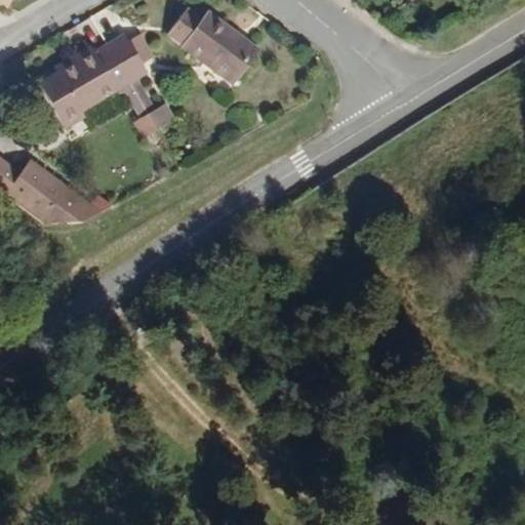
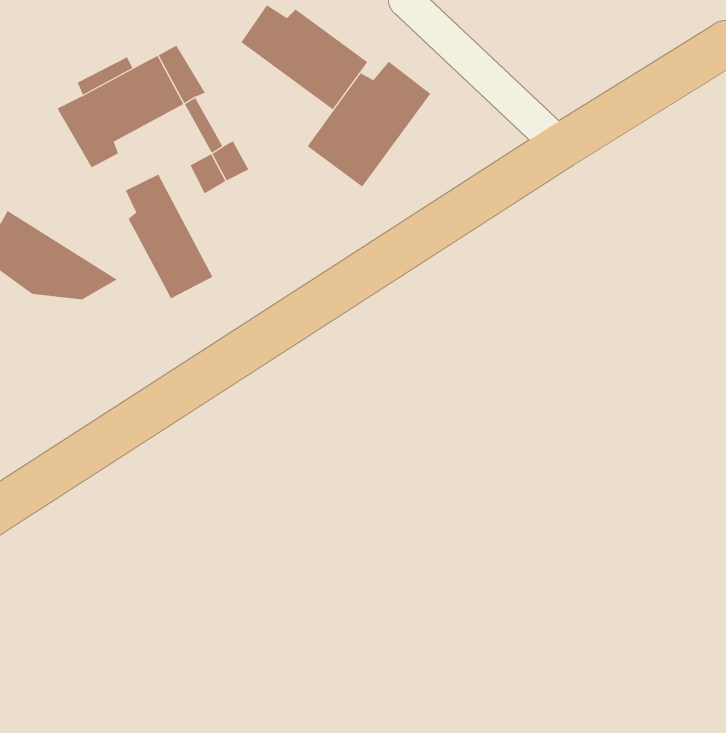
building: none -> [307,61,431,187]
building: none -> [125,174,213,299]

